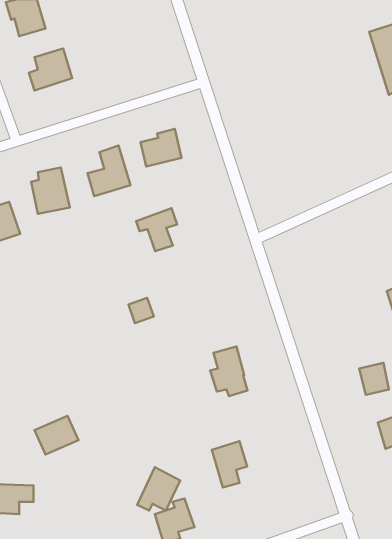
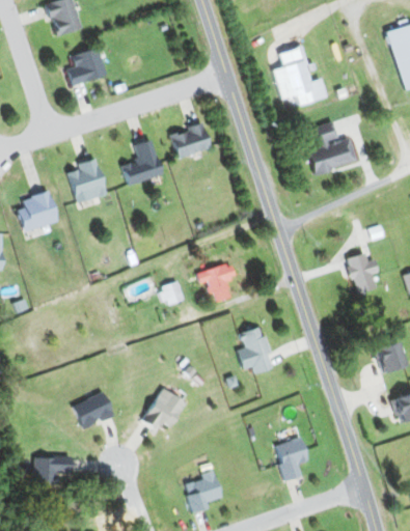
building: none -> [273,47,326,105]
building: none -> [307,121,357,173]
building: [136,208,177,251] -> [197,261,236,302]
building: none -> [347,253,378,294]
building: [212,441,247,487] -> [275,437,308,480]
building: [137,467,180,510] -> [144,388,185,428]

